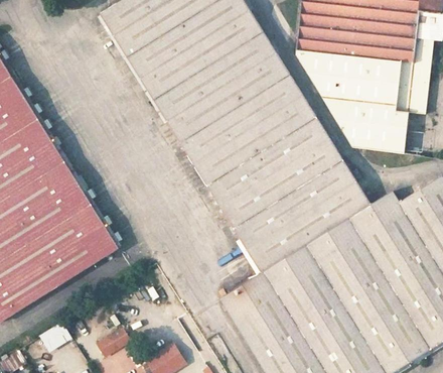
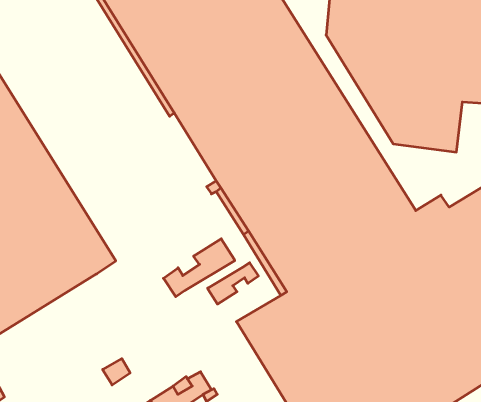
building: none -> [163,239,235,297]
building: none -> [208,263,258,304]
building: [39,323,71,352] -> none

